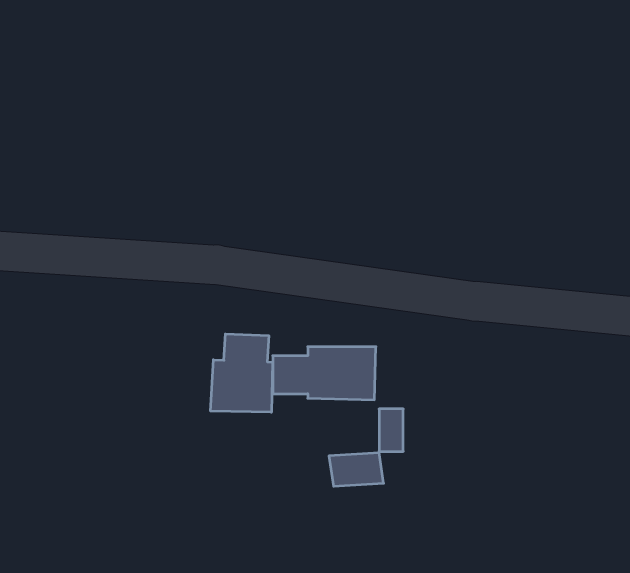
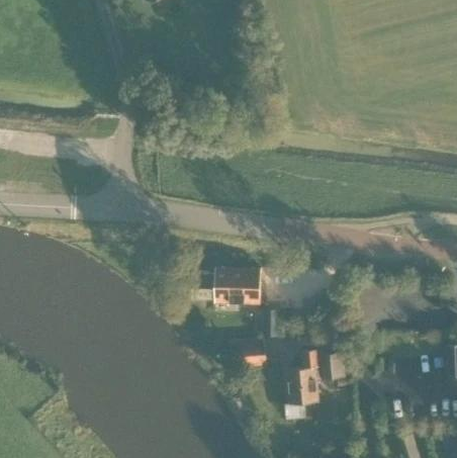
building: [211,334,272,412] -> none
building: none -> [289,351,347,404]

